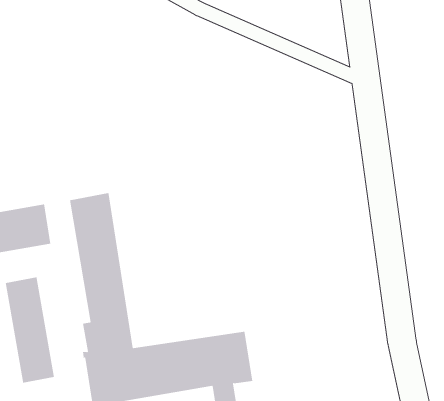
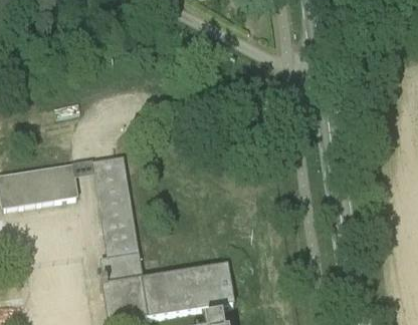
building: [5,276,55,384] -> none

